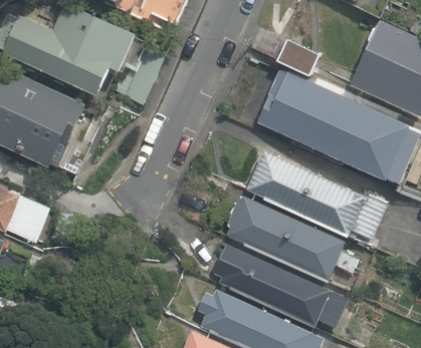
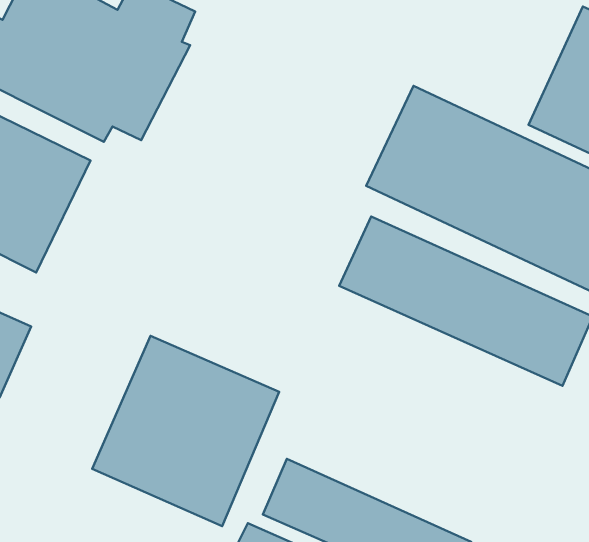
building: [218,190,361,289] -> none
building: none -> [92,336,279,526]
building: [207,241,338,328] -> none

